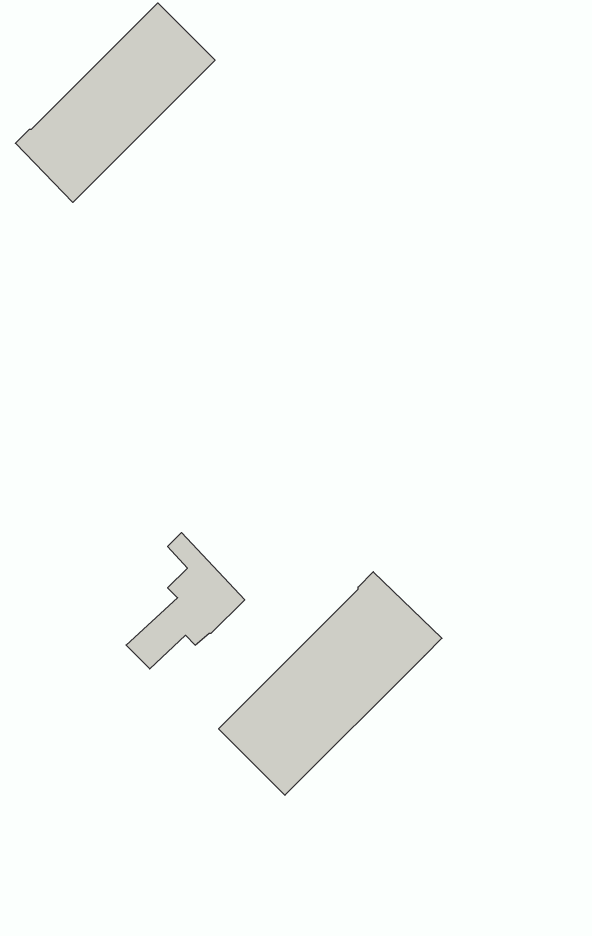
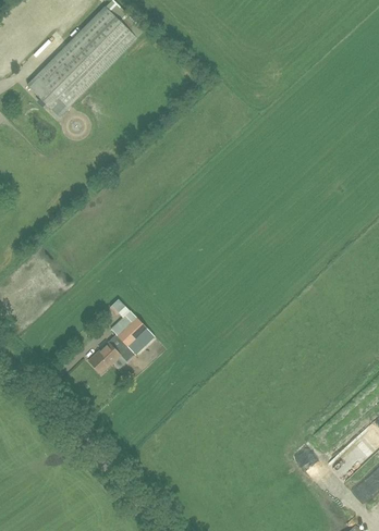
building: [219,572,442,795] -> none

